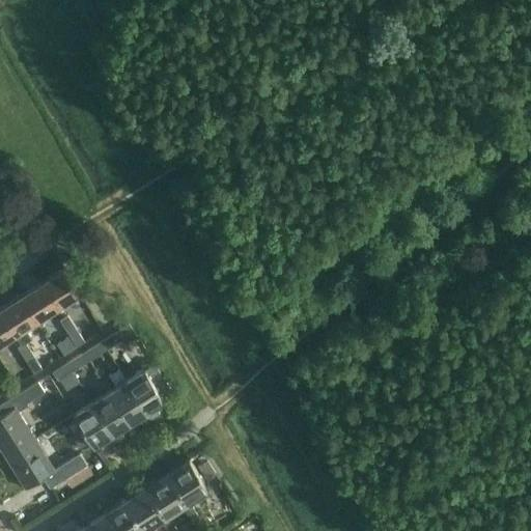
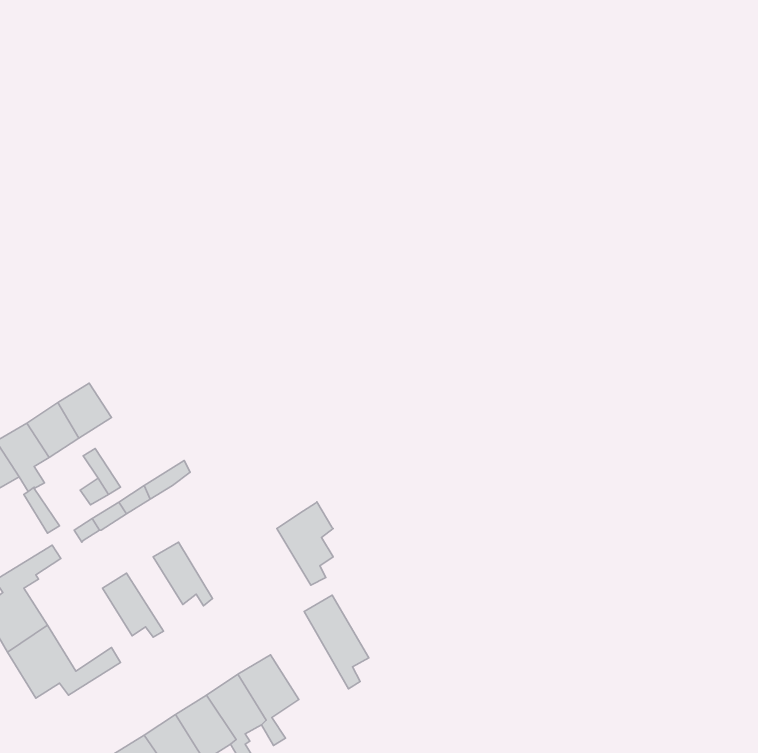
building: [124,364,164,422] -> [277,502,333,585]
building: [88,393,128,445] -> none
building: none -> [304,595,369,689]

